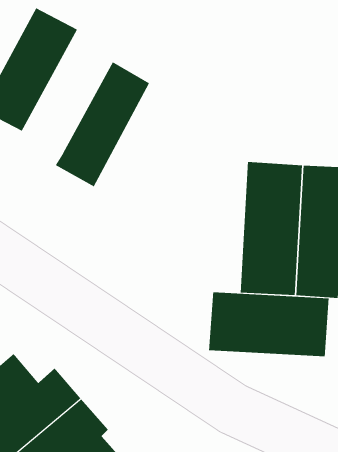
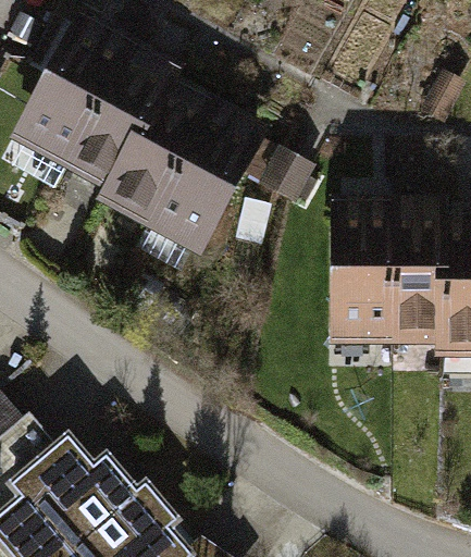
building: none -> [72,47,186,195]
building: none -> [158,111,270,259]
building: [209,291,329,357] -> none

